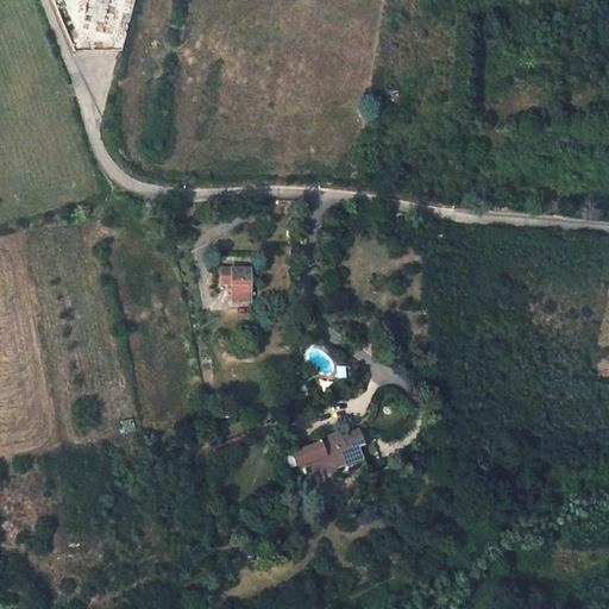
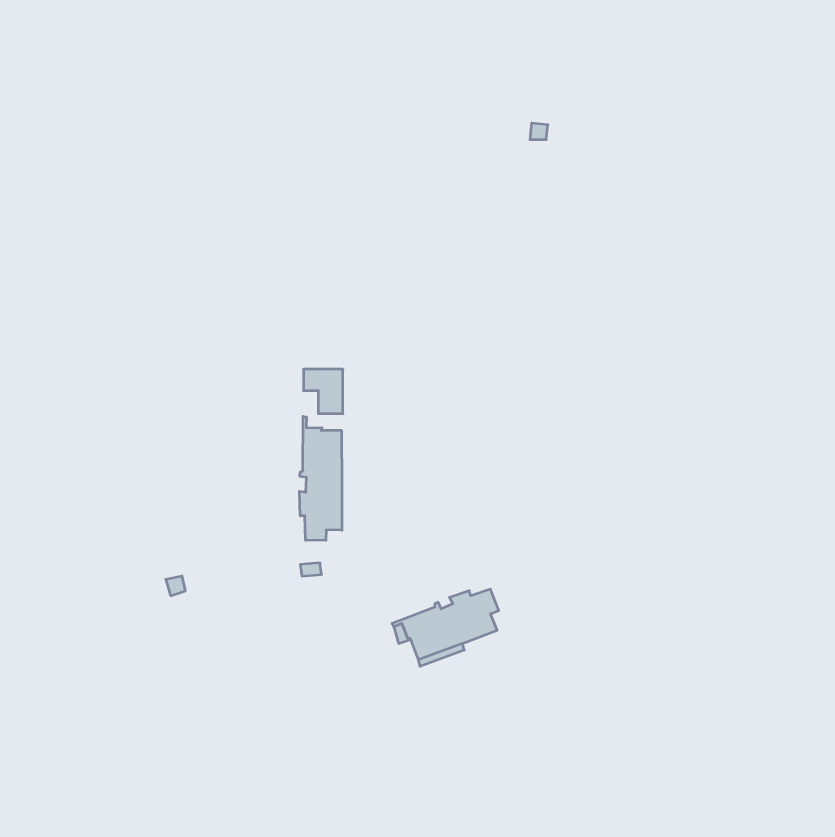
building: none -> [299,416,342,540]

